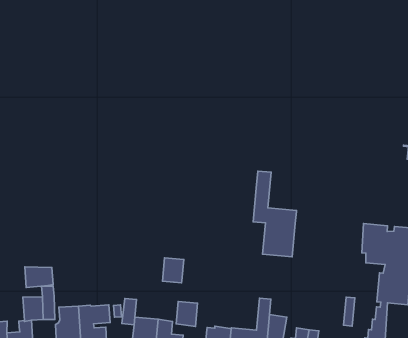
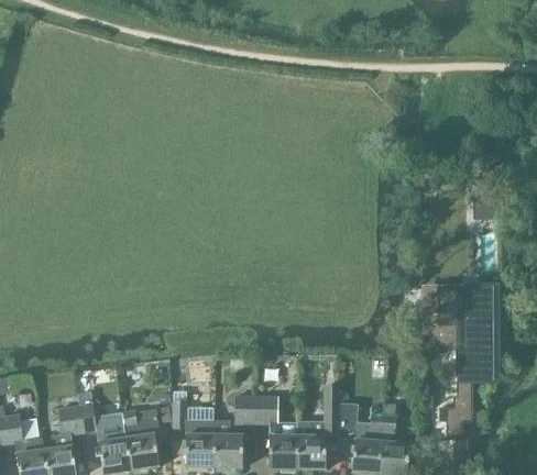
building: [253,171,296,257] -> none
building: [162,258,184,283] -> [255,397,277,423]
building: [25,267,53,287] -> none

